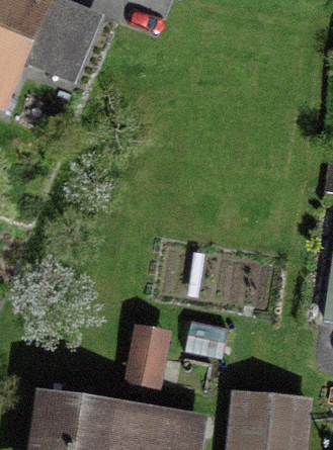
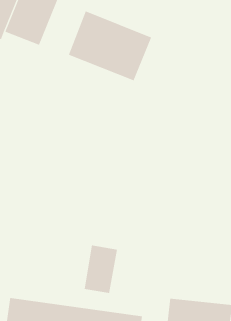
building: none -> [68,10,152,81]

